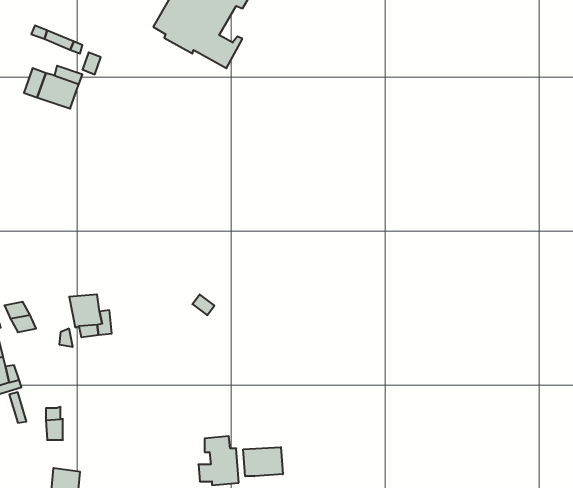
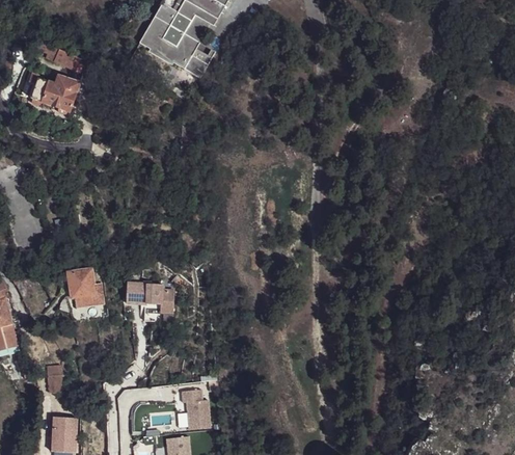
building: none -> [127,280,175,318]
building: [243,447,283,476] -> none

